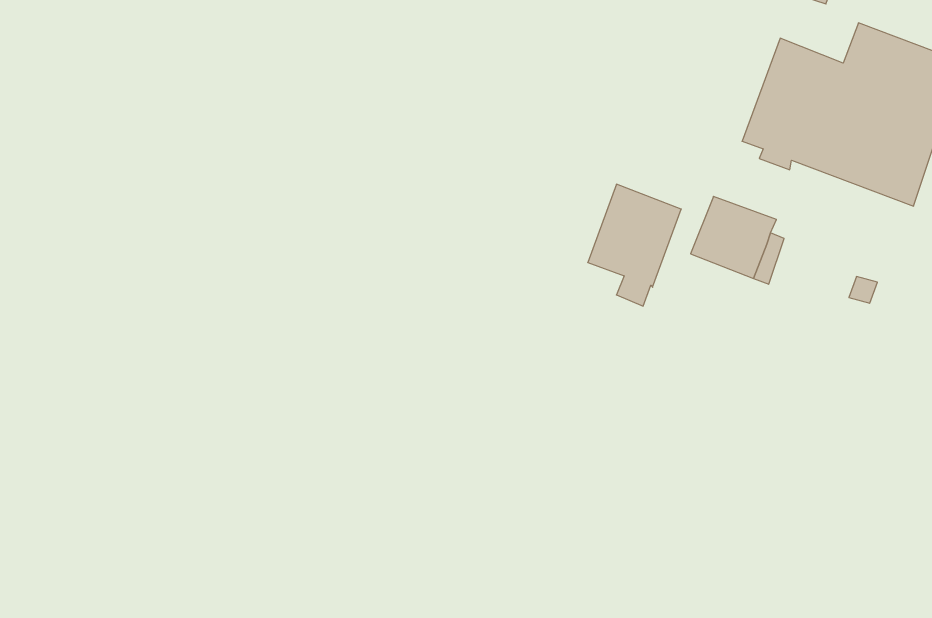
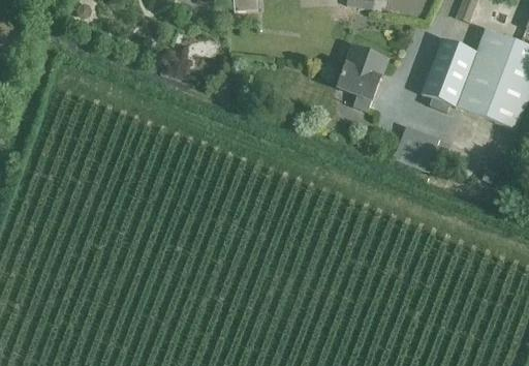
building: [588,184,681,306] -> [337,43,387,110]

